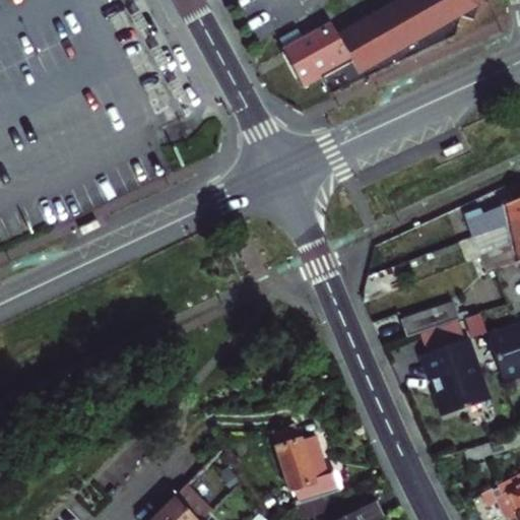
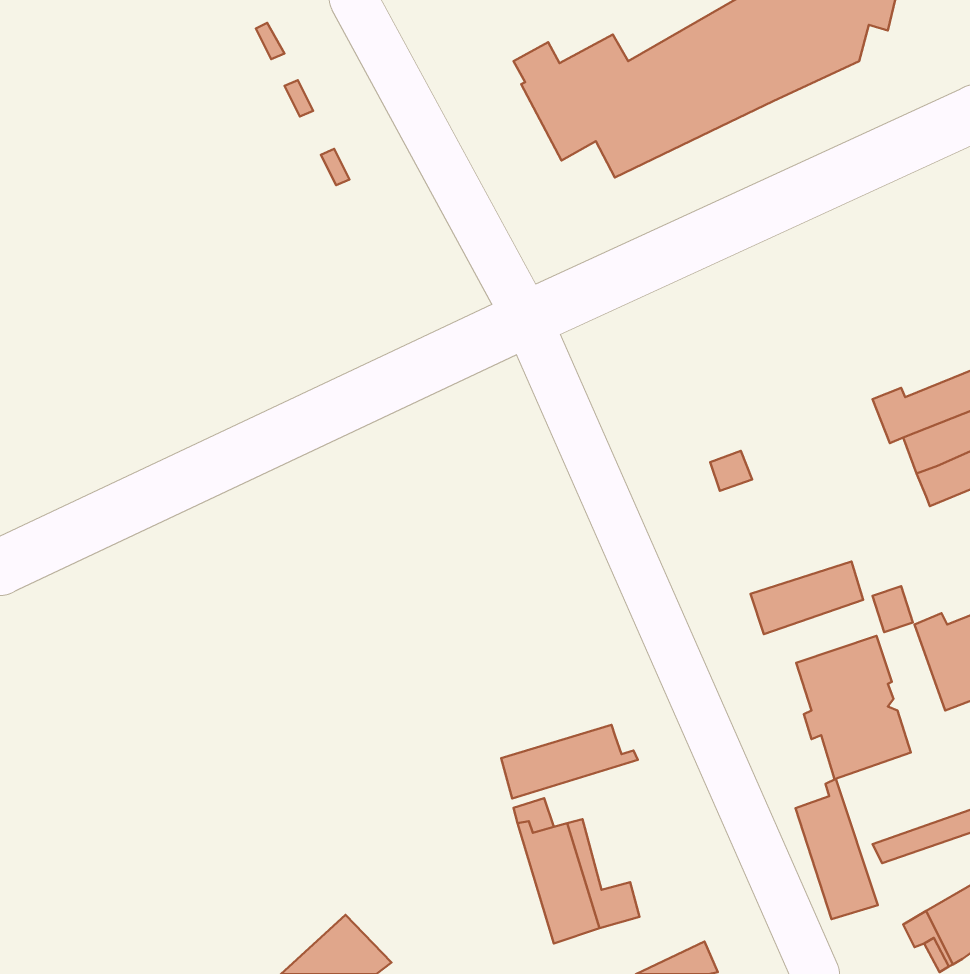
building: none -> [501,725,638,799]
building: none -> [795,779,878,919]

